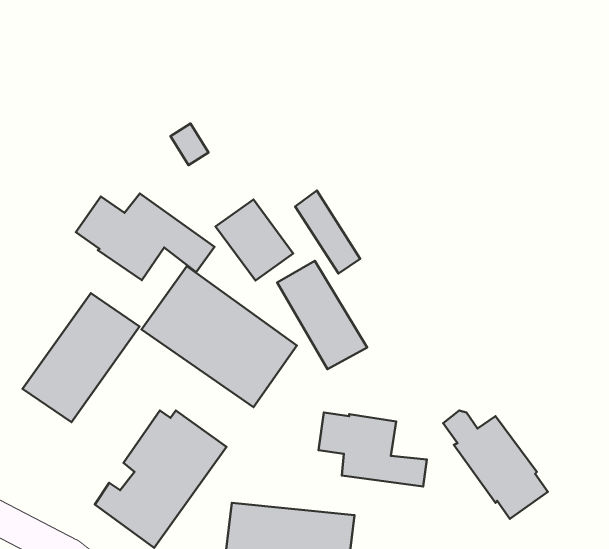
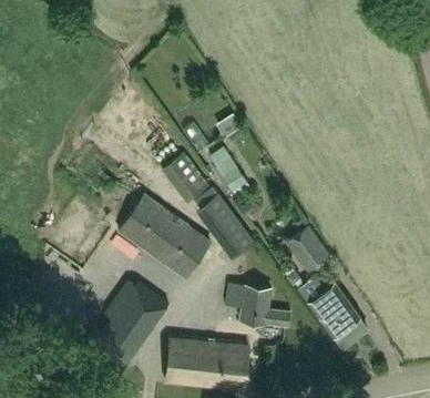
building: [76,194,214,280] -> none
building: [22,293,140,422] -> none
building: none -> [286,227,329,273]

